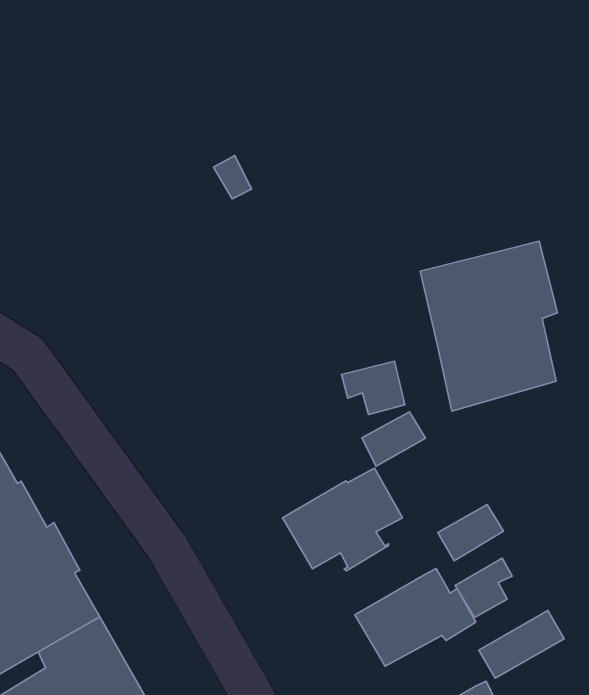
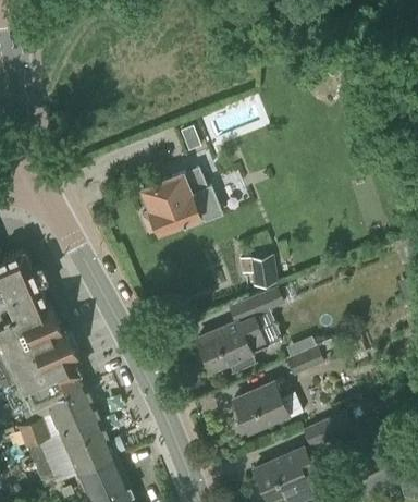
building: none -> [142,167,222,232]
building: [420,241,558,411] -> none
building: [455,558,512,617] -> none

